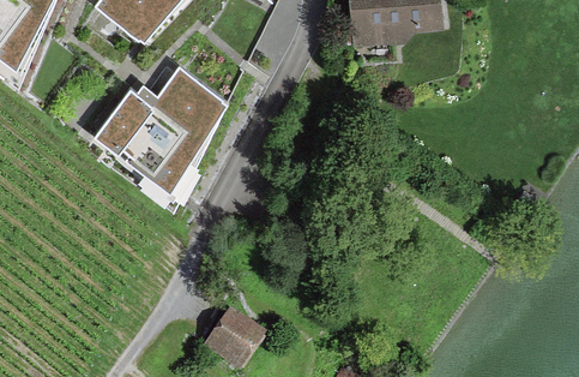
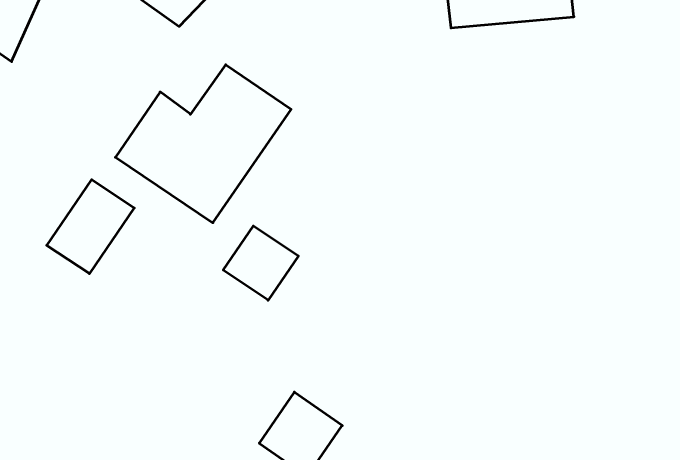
building: none -> [47,180,134,274]
building: none -> [223,226,298,300]

